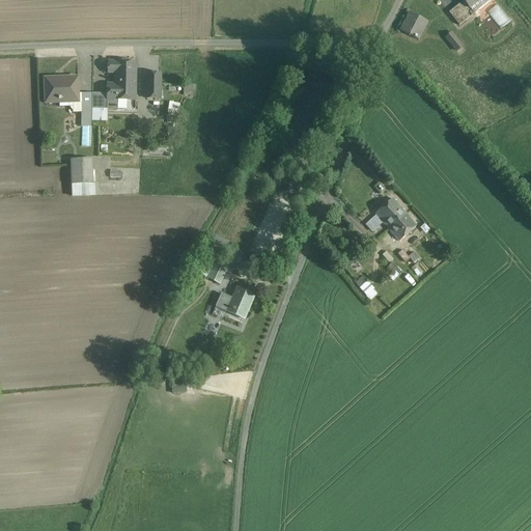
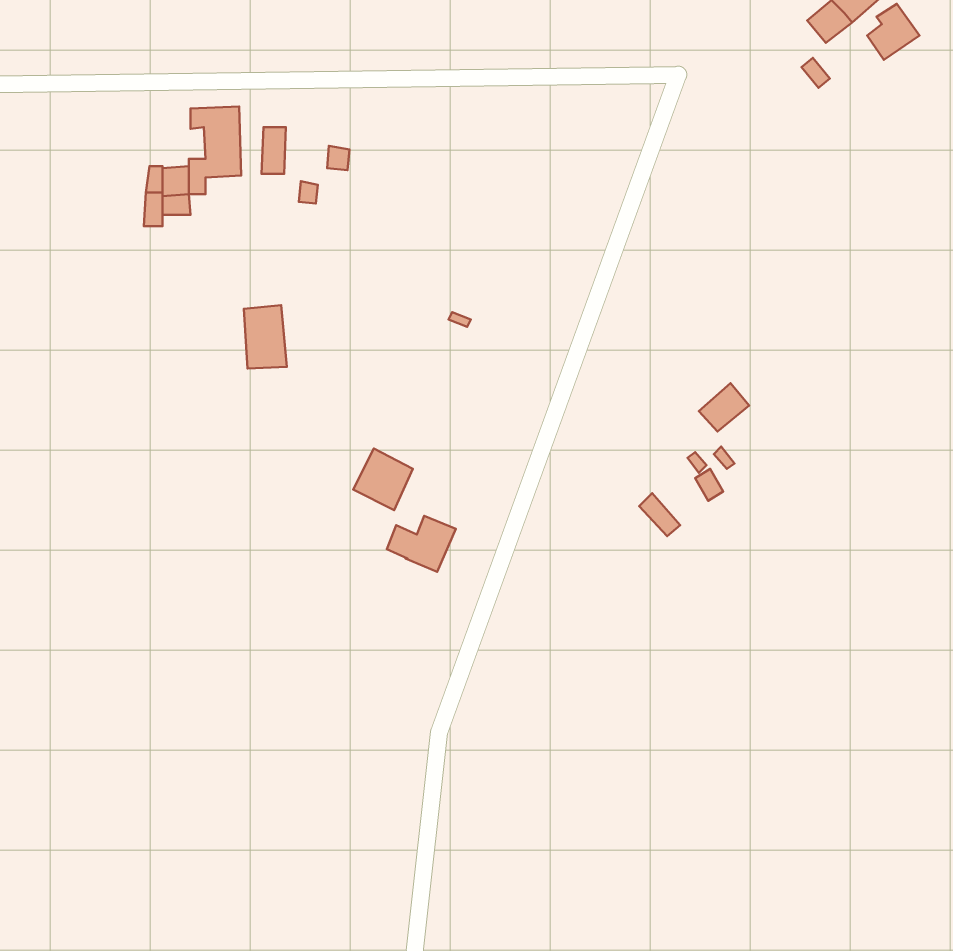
building: [399,10,426,38] -> none
building: [43,77,77,104] -> none
building: [69,157,93,192] -> [244,305,287,369]
building: [374,198,406,228] -> none

